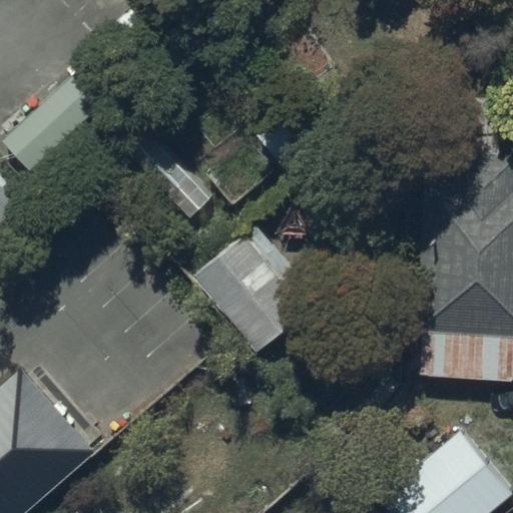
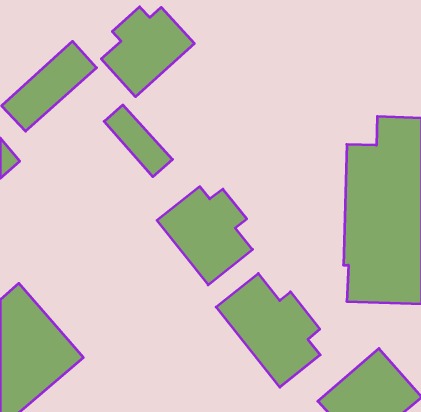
building: none -> [101,7,194,97]
building: none -> [216,273,320,387]

